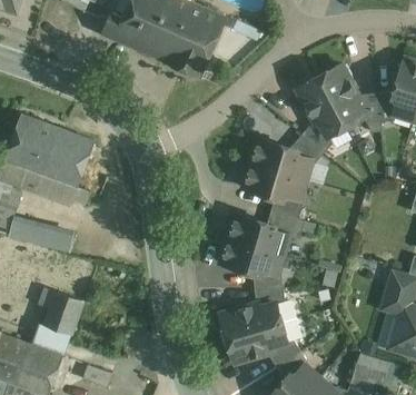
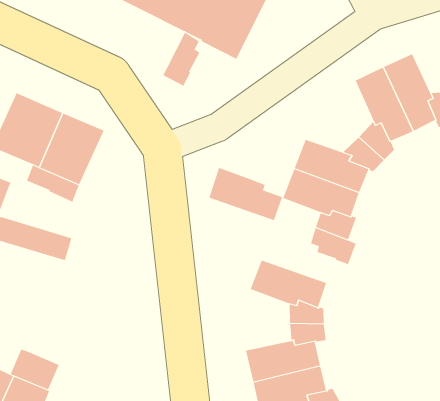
building: none -> [162,32,200,86]
building: [228,214,288,255] -> [209,167,283,221]
building: [44,292,82,335] -> none

